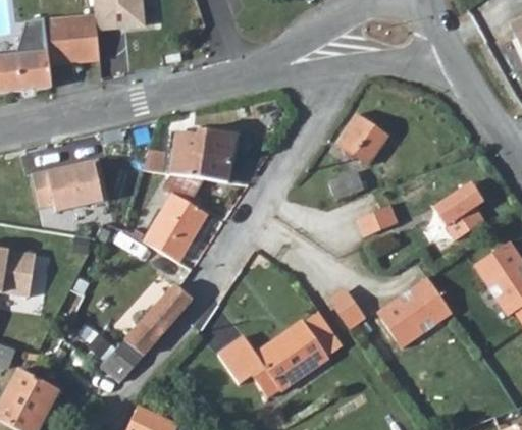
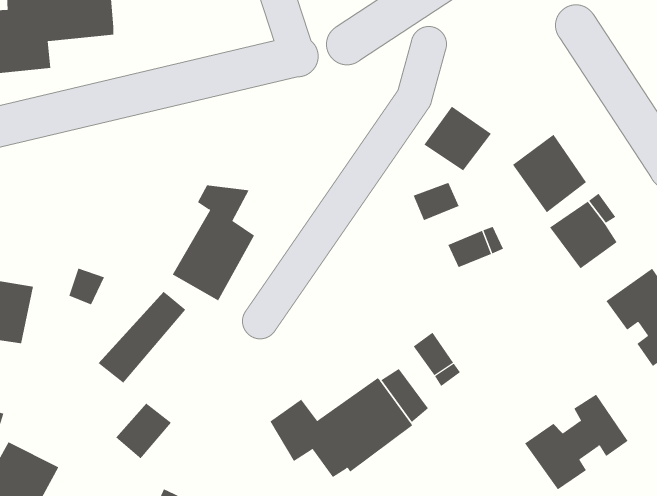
building: [142,128,232,182] -> none
building: none -> [512,134,587,213]
building: [48,159,106,211] -> none
building: [374,274,454,347] -> [524,394,629,490]
building: [123,285,191,356] -> [98,291,186,383]

